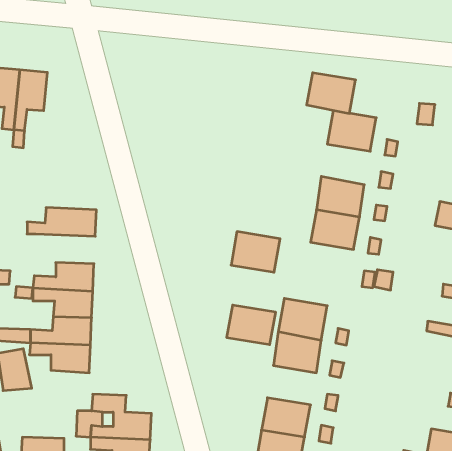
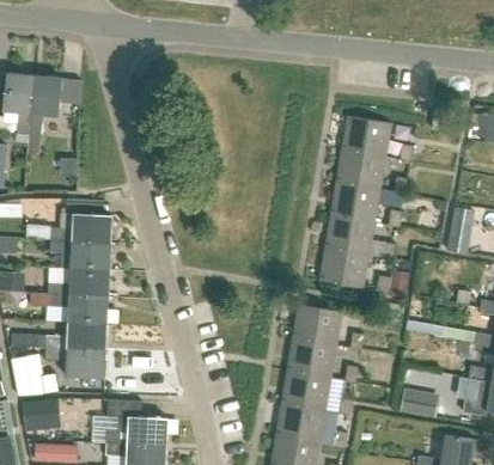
building: [307,73,356,113] -> [336,149,385,190]
building: [231,232,280,272] -> [319,247,368,288]
building: none -> [50,239,110,269]
building: [227,305,276,345] -> [282,371,331,410]
building: none -> [400,387,439,417]
building: none -> [24,399,53,430]

